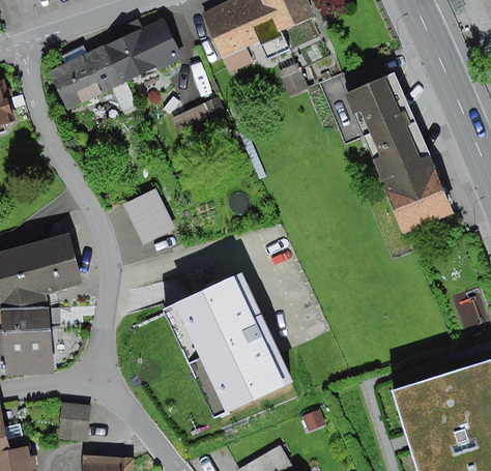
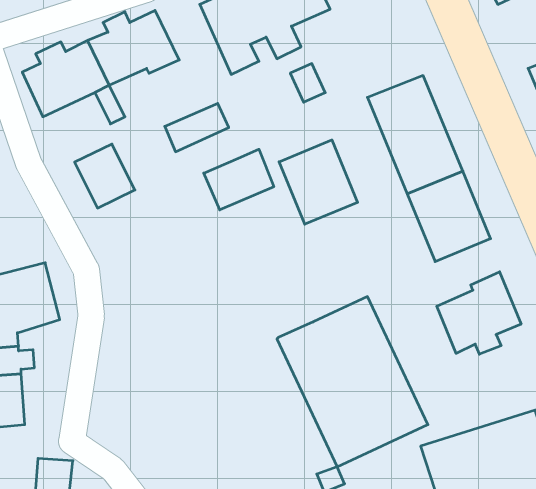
building: none -> [279,140,358,224]
building: none -> [204,149,274,210]
building: [122,187,174,242] -> [75,144,135,208]
building: none -> [437,272,521,354]
building: [164,273,293,419] -> [277,297,428,467]

